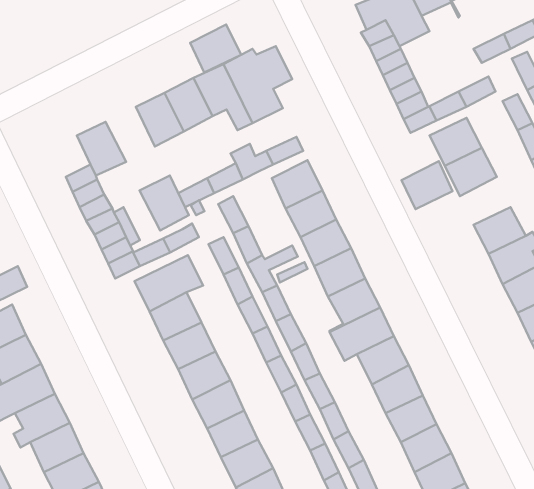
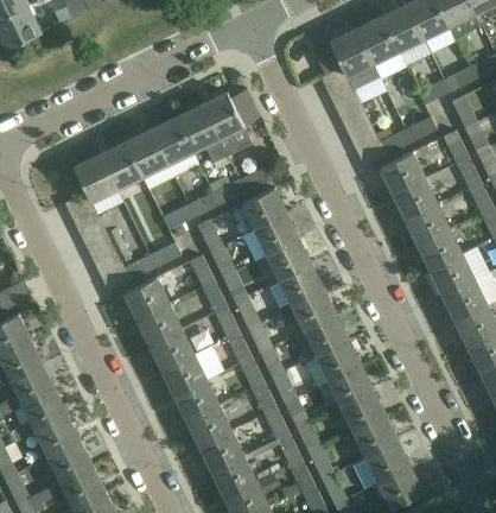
building: [190,24,241,73] -> none
building: [402,161,452,209] -> [406,203,450,245]
building: [140,175,189,230] -> [100,142,142,190]

